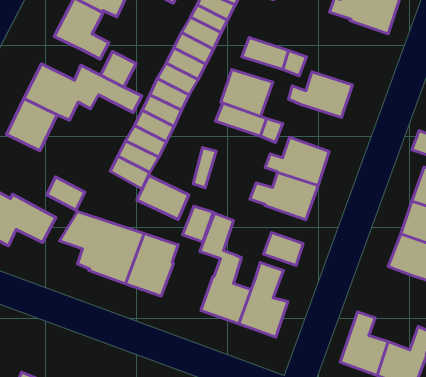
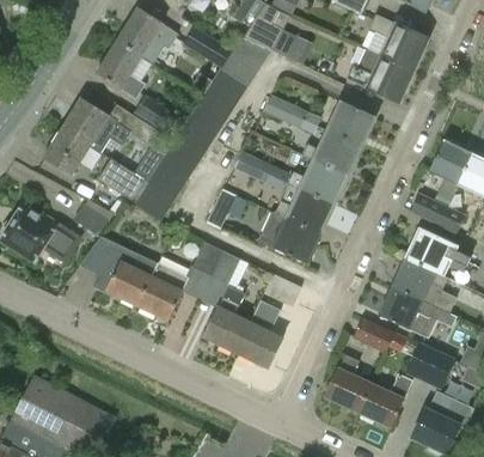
building: none -> [325,100,374,146]
building: [221,69,273,116] -> [299,159,348,205]
building: [137,175,189,220] -> [97,157,145,200]
building: none -> [353,316,396,353]

